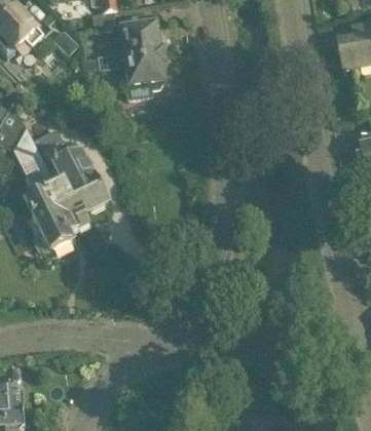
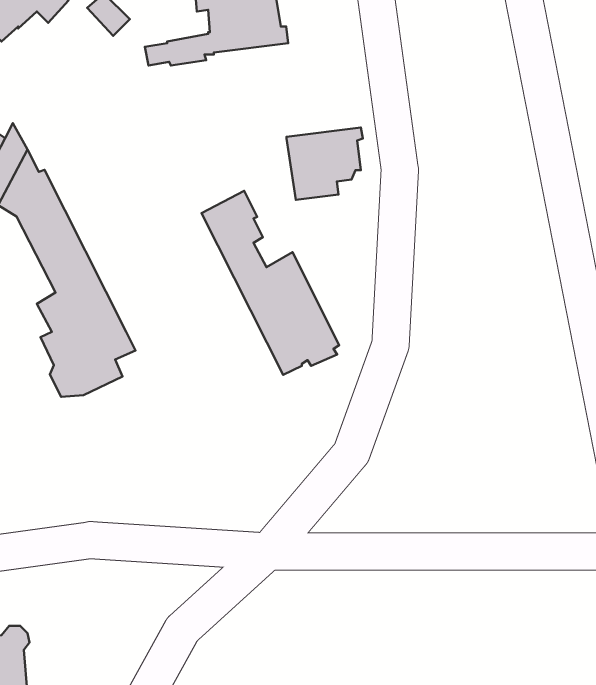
building: [123,56,165,96] -> [287,127,363,200]
building: [30,114,106,215] -> [201,191,339,375]

